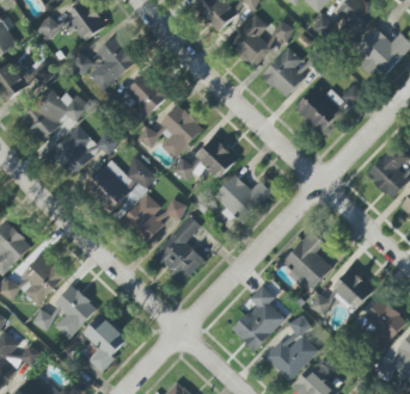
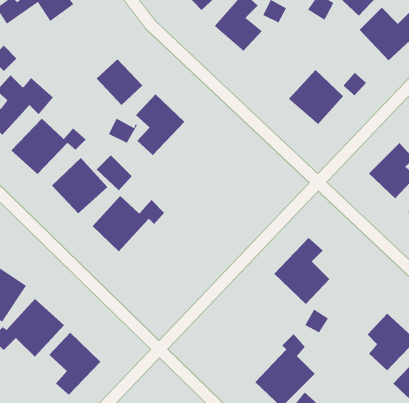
building: [88,36,136,91] -> none
building: [261,47,305,98] -> none
building: [172,136,237,180] -> none
building: [212,174,273,224] -> none
building: [153,216,204,283] -> none
building: [329,269,373,312] -> none
building: [231,284,284,351] -> none

